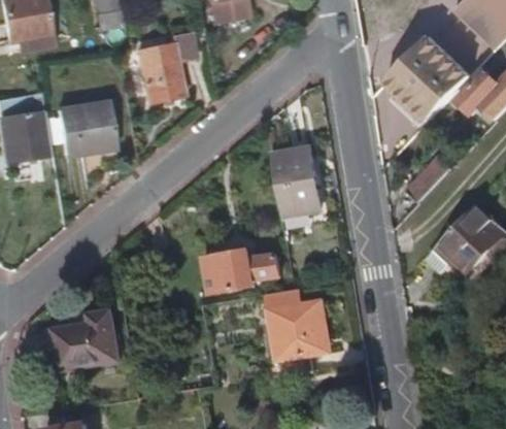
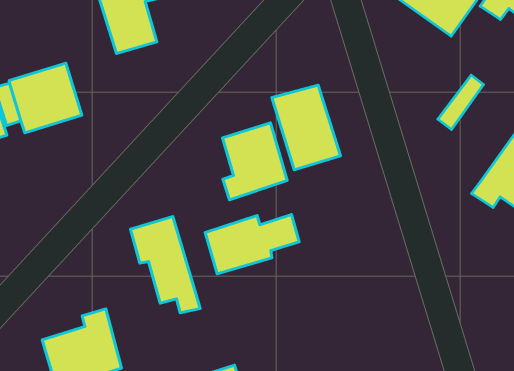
building: none -> [222,123,287,200]
building: none -> [131,216,200,313]
building: [268,288,325,375] -> none

